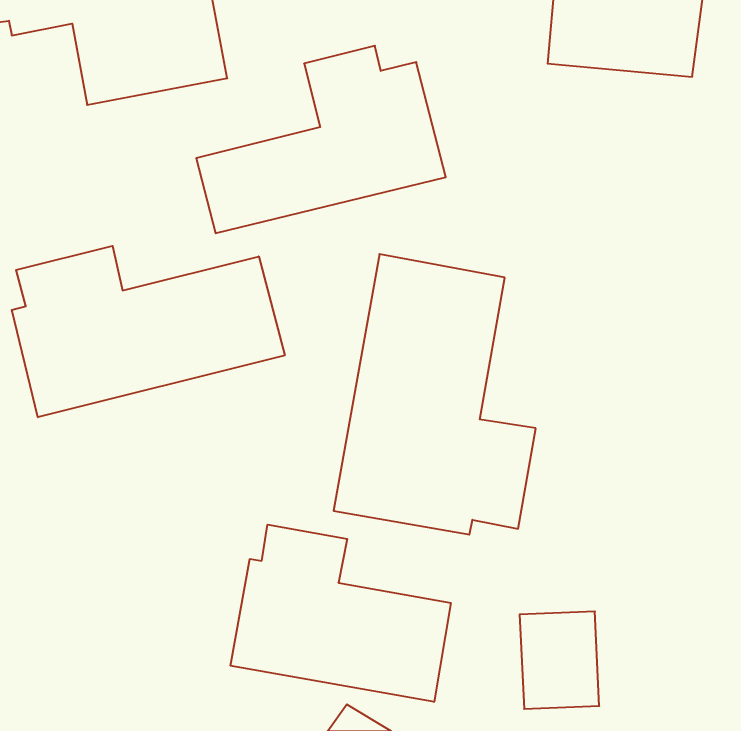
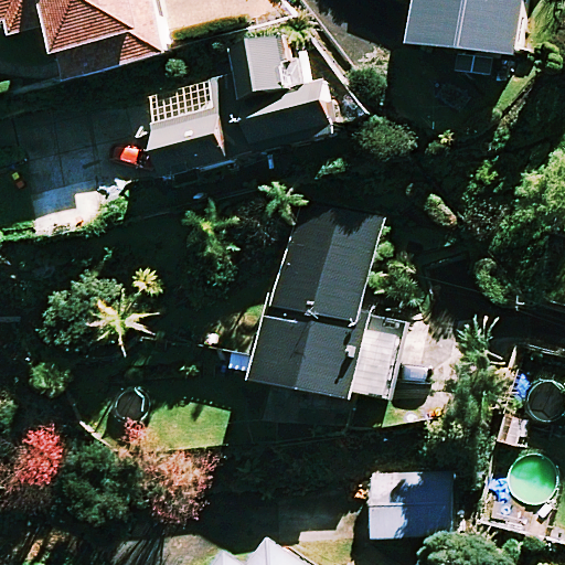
building: [12,246,285,417] -> none
building: [231,525,451,702] -> none

